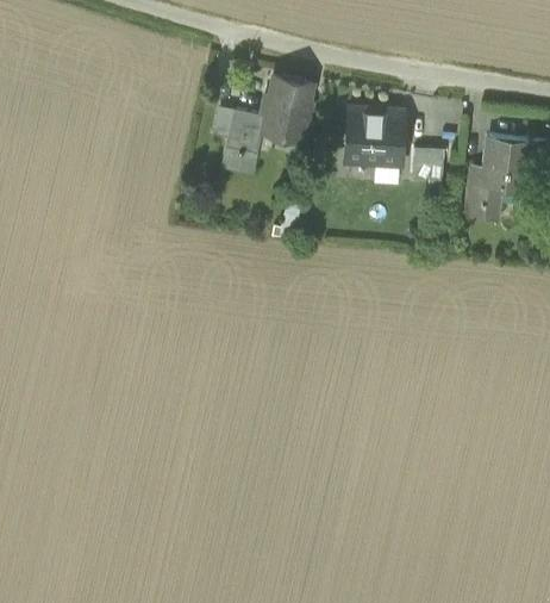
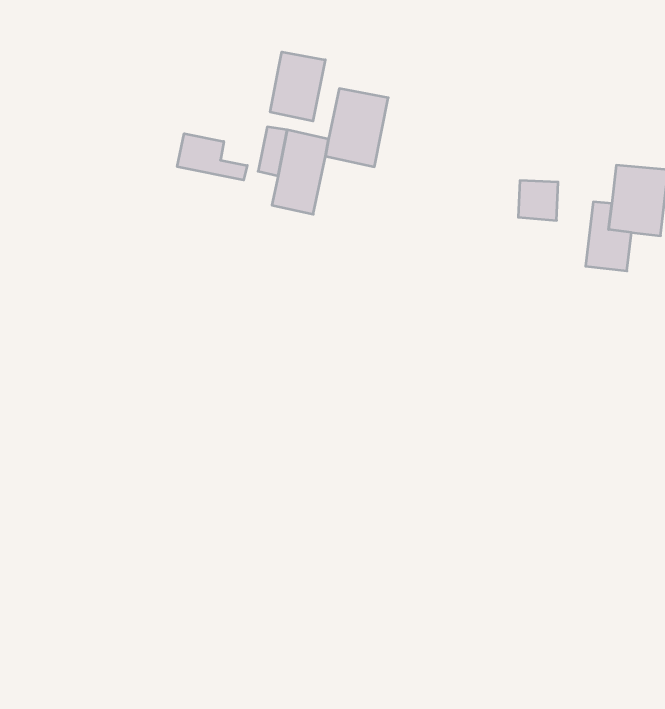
building: none -> [270,52,325,121]
building: [345,106,406,166] -> none
building: none -> [177,134,247,180]

